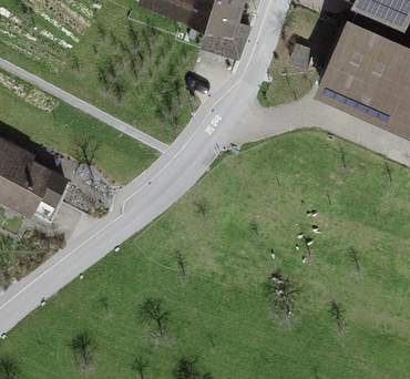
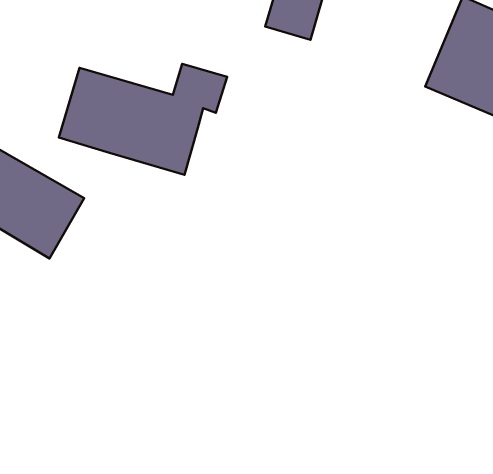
building: none -> [59,64,227,175]

